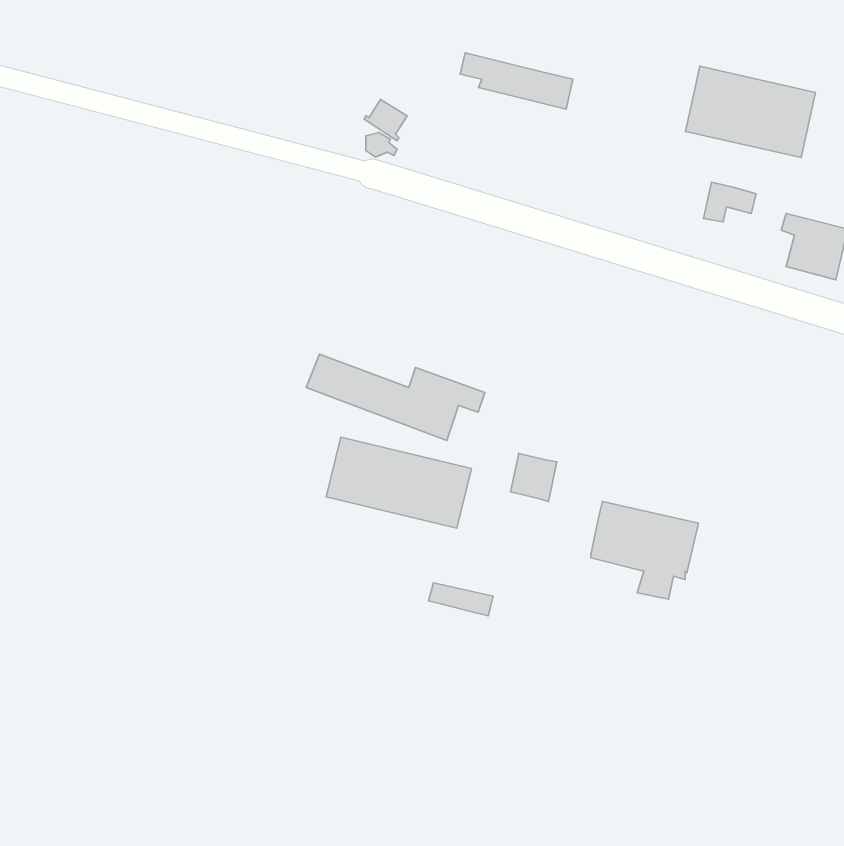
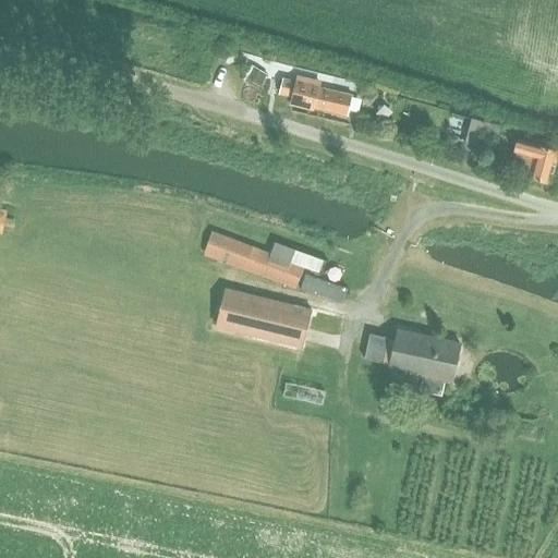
building: [460,53,573,109] -> [279,80,353,117]
building: [686,66,816,158] -> none
building: [510,454,557,502] -> [365,333,396,365]

